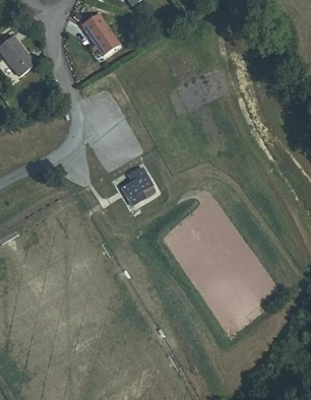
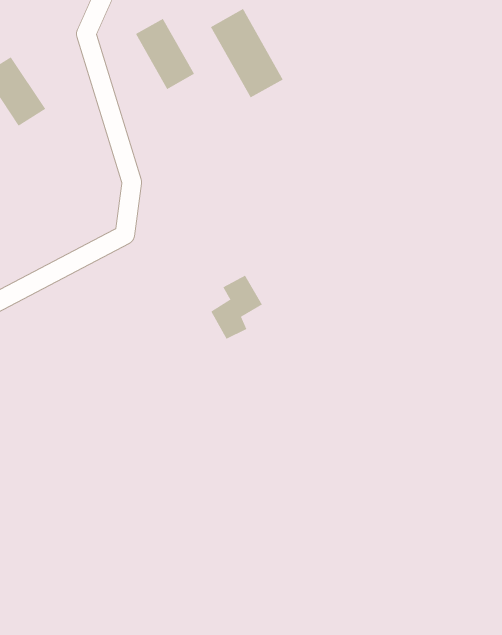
building: none -> [210,8,283,98]

